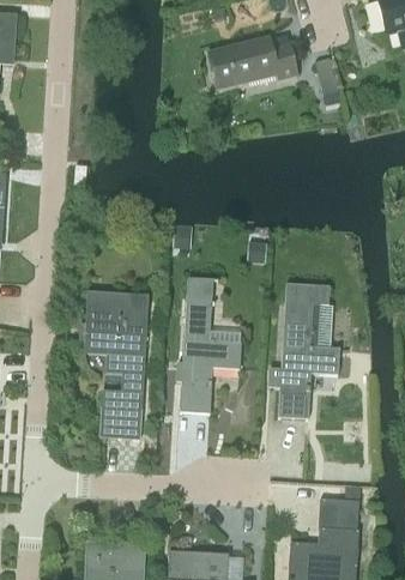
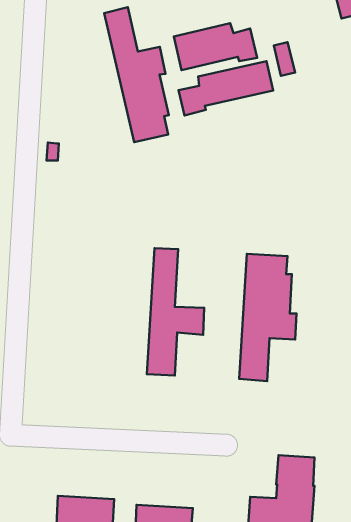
building: none -> [104,7,169,142]
building: none -> [178,61,273,115]
building: [84,290,149,439] -> none

